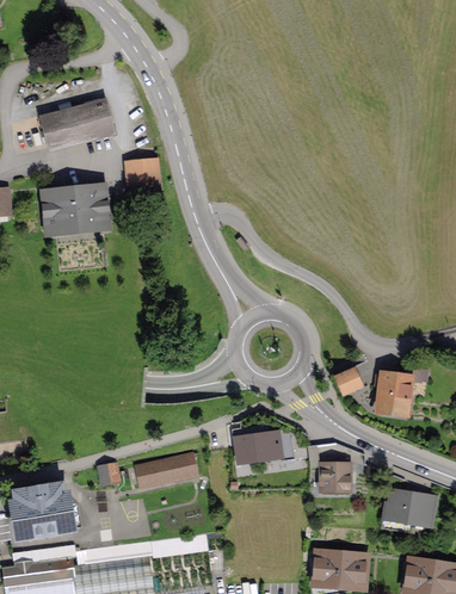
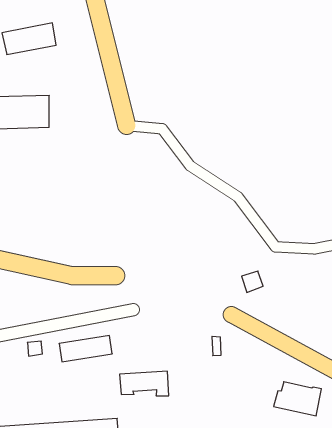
building: [128,162,156,192] -> none
building: [376,367,426,412] -> none
building: [236,432,294,462] -> [120,371,169,396]
building: [322,459,351,488] -> none

